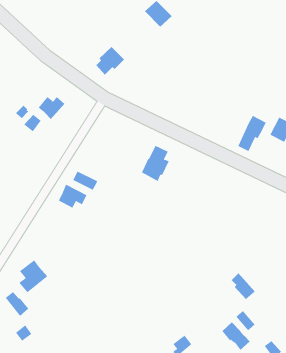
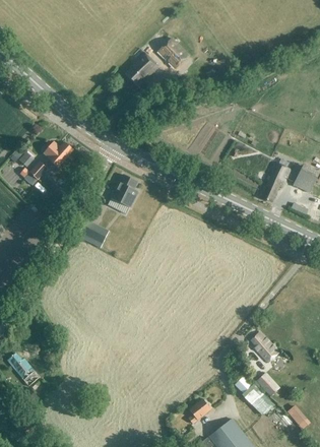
building: [96,46,125,75] -> [127,53,158,84]
building: [141,145,169,182] -> [108,175,138,214]
building: [58,184,87,209] -> none
building: [19,260,48,293] -> none

